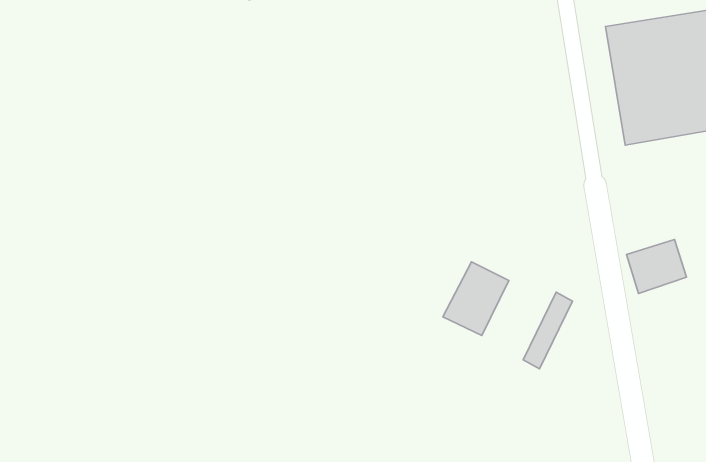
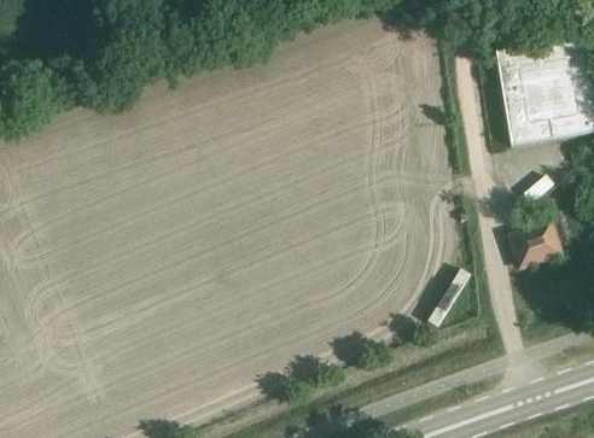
building: [443,262,509,336] -> none

